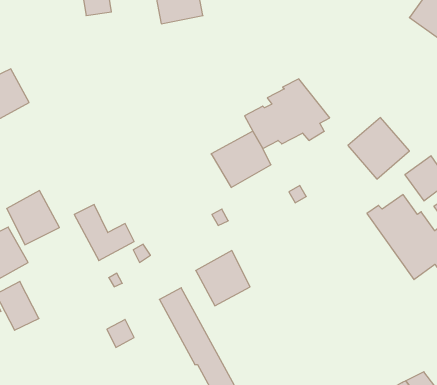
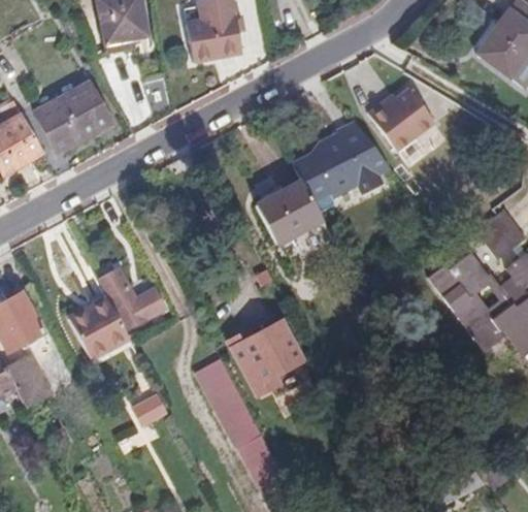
building: none -> [38,77,116,149]
building: [348,118,409,179] -> [365,82,435,152]
building: [7,191,59,245] -> [66,294,126,356]

